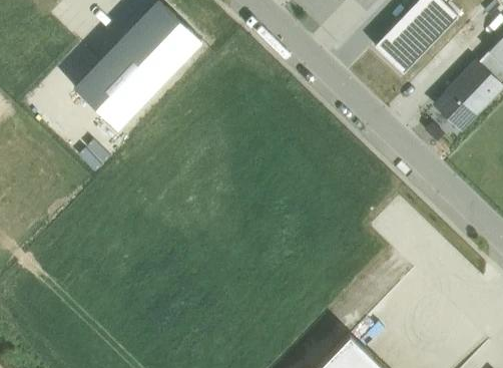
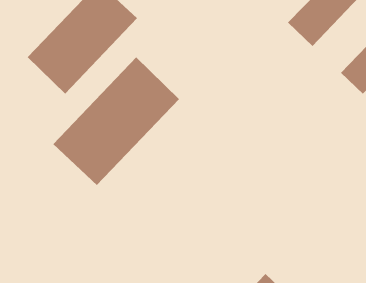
building: none -> [52,56,180,186]

